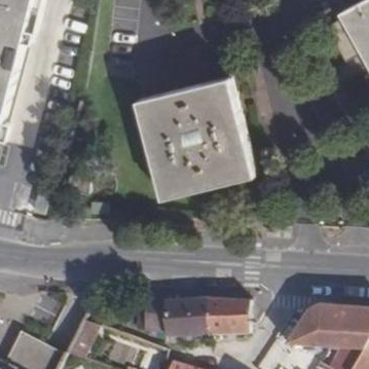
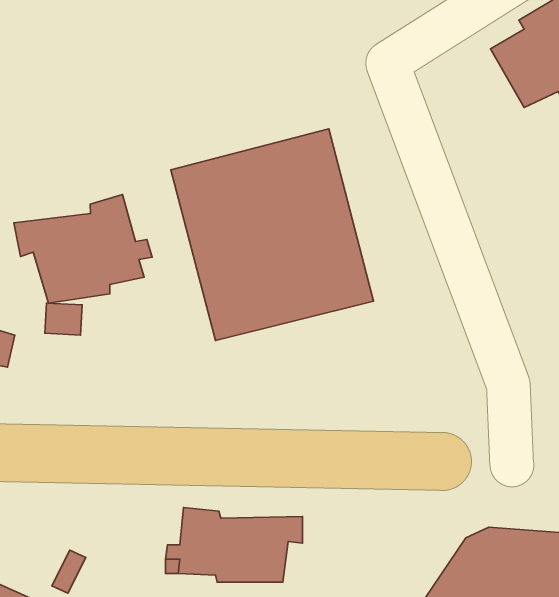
building: none -> [14,195,152,303]
building: [200,301,247,339] -> none

